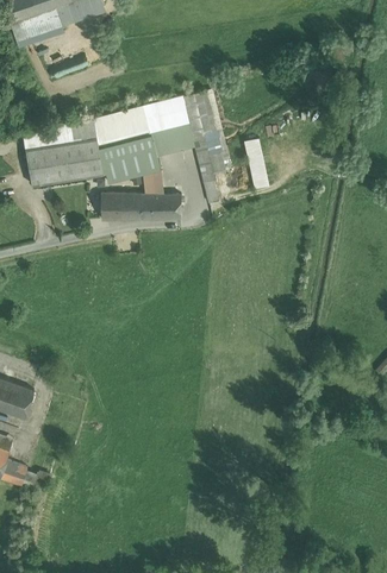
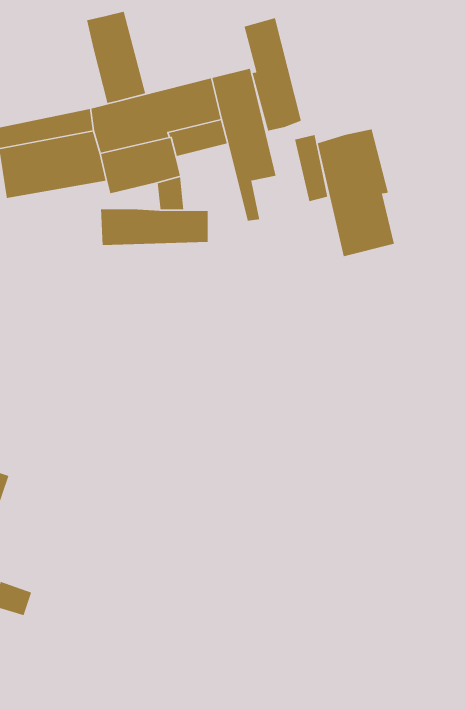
building: none -> [86,11,146,104]
building: none -> [243,17,302,131]
building: none -> [317,128,395,257]

